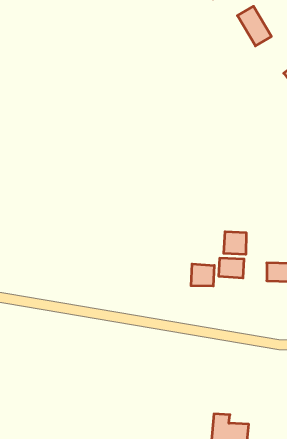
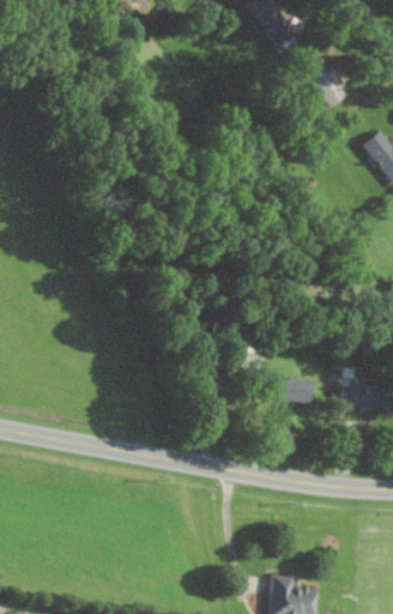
building: [224,232,246,254] -> none
building: [191,264,214,286] -> none

